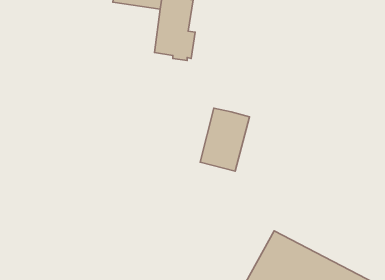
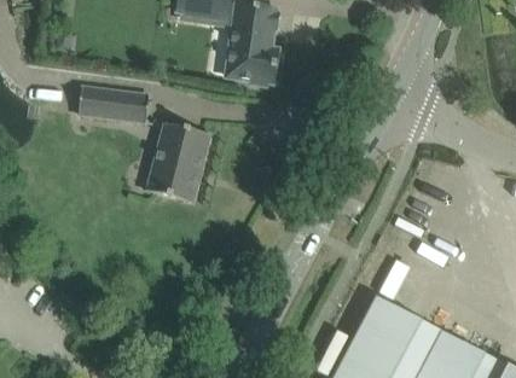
building: none -> [79,87,149,122]
building: [200,108,250,171] -> [147,123,209,202]

